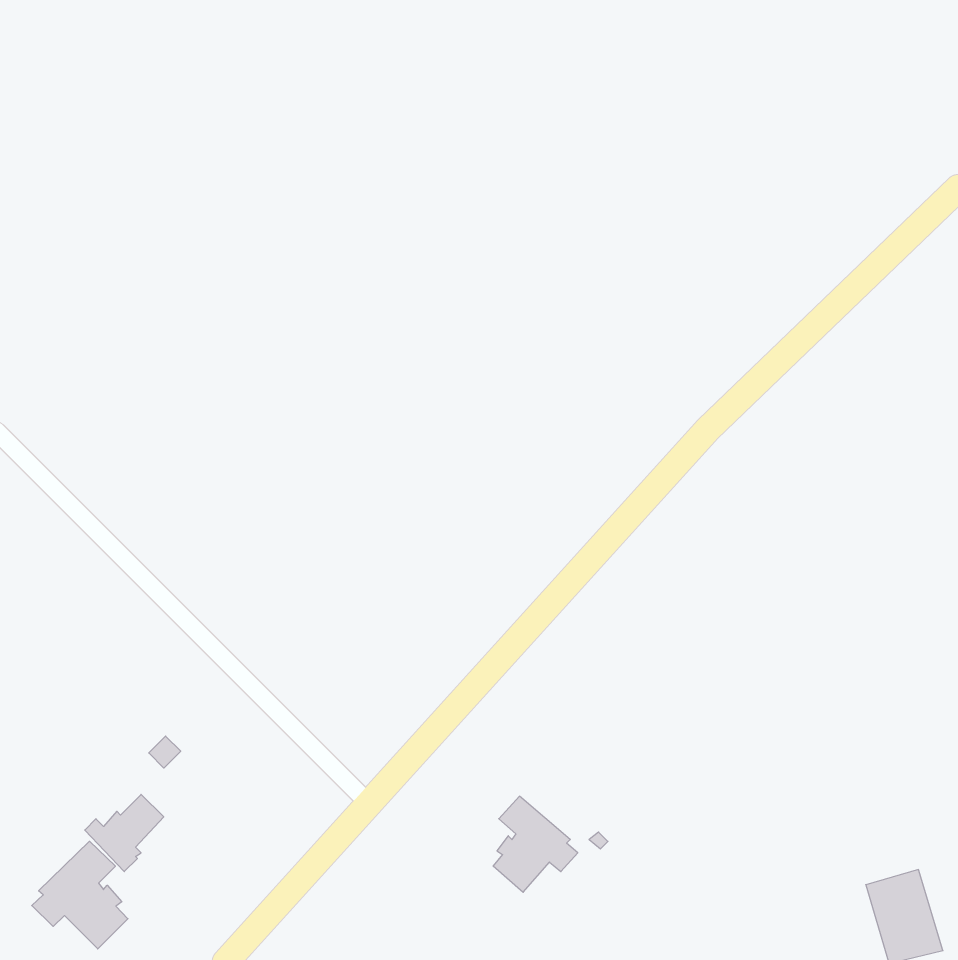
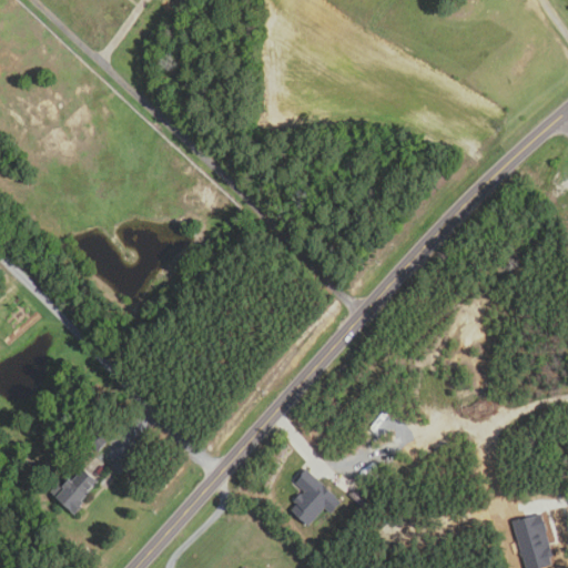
building: [32,841,128,949] -> none

